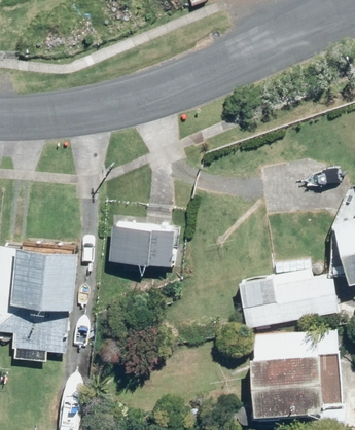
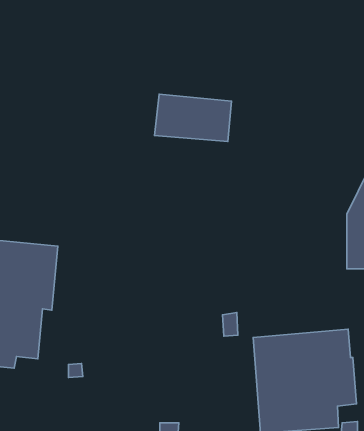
building: [107,225,174,266] -> [155,94,232,142]
building: [238,266,335,327] -> none

